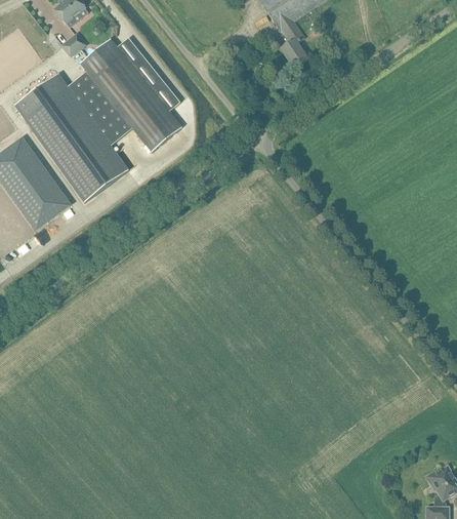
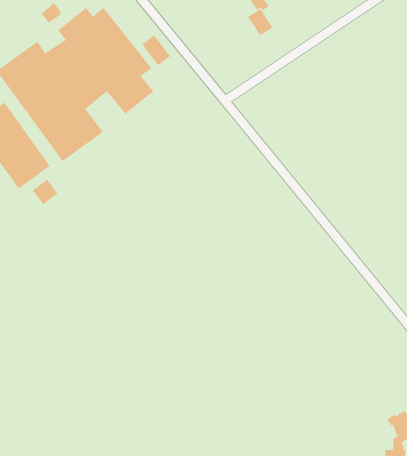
building: none -> [142,35,171,66]
building: none -> [32,179,58,205]

